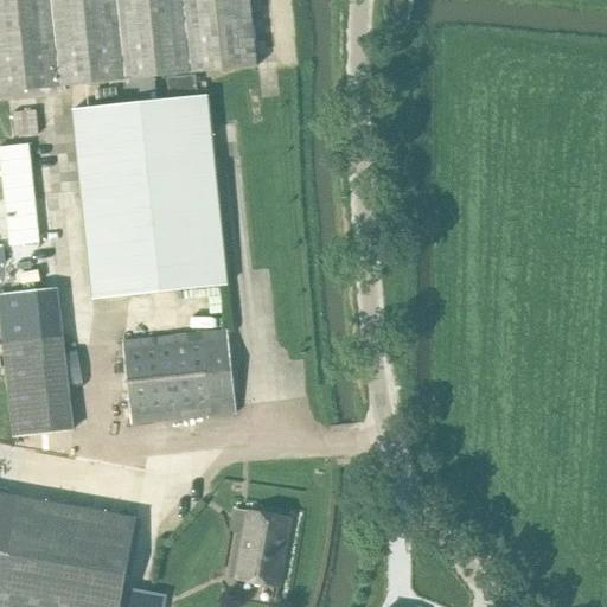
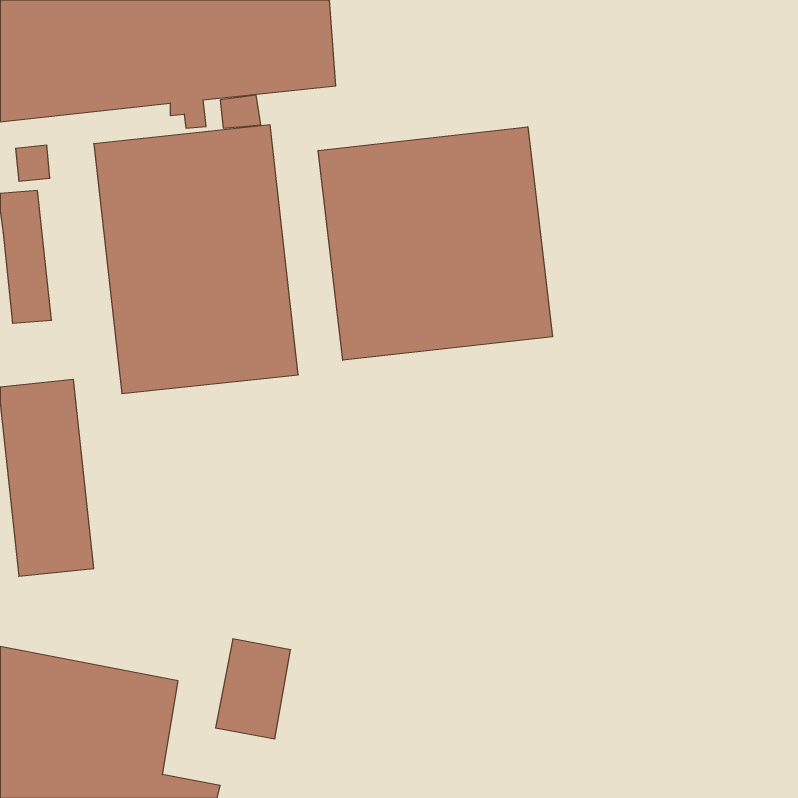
building: none -> [318,127,552,360]
building: [122,328,236,424] -> none
building: [234,510,290,586] -> [216,639,291,739]

